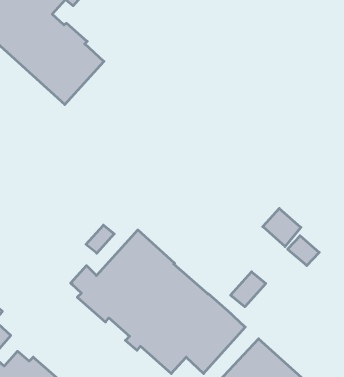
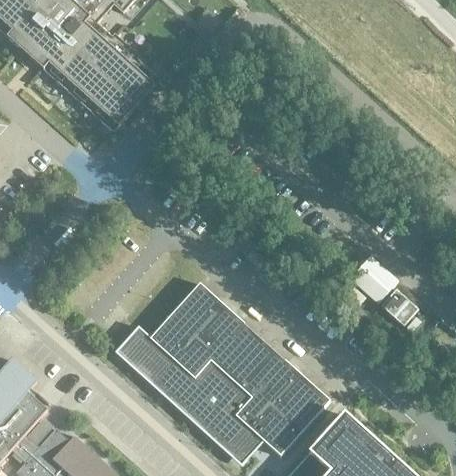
building: [86,225,114,253] -> none
building: [231,272,266,307] -> none

